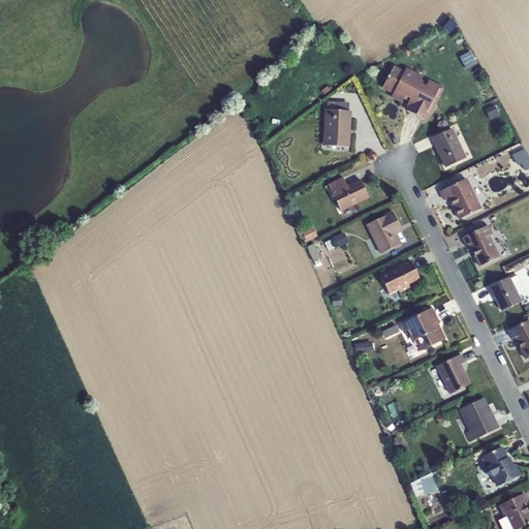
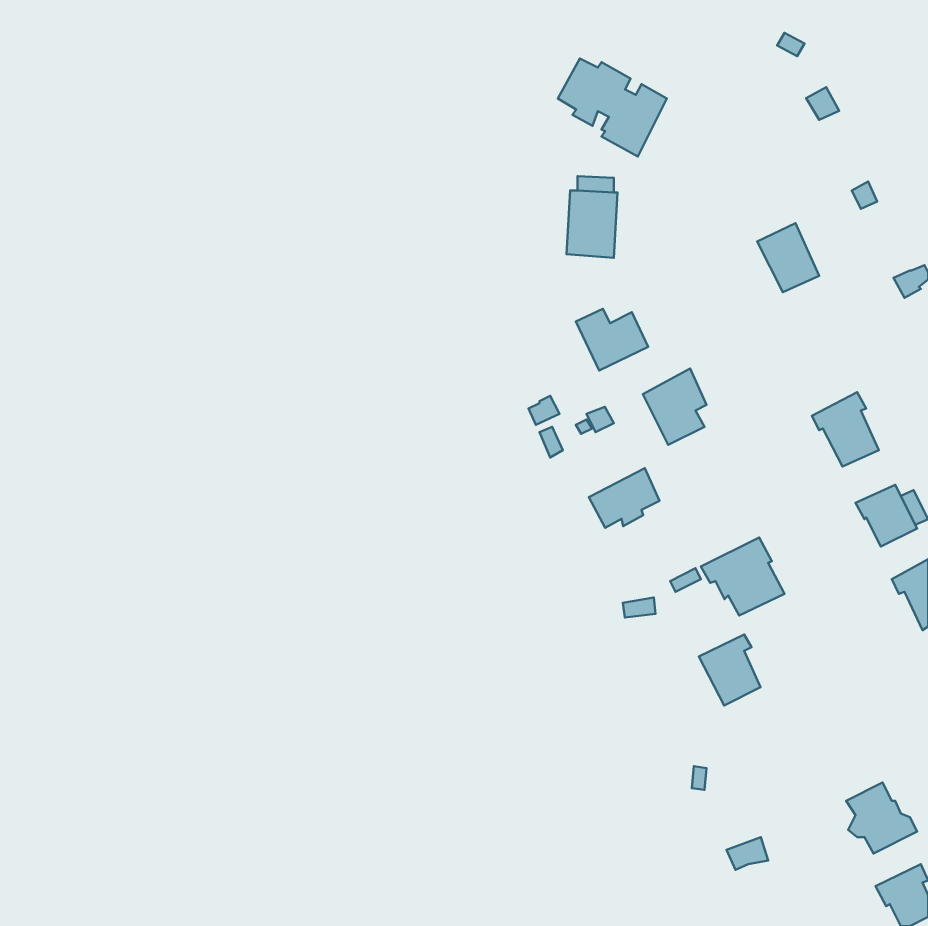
building: [381,64,443,120] -> [558,59,667,157]
building: [439,177,481,218] -> none
building: [379,259,419,293] -> [589,468,660,528]
building: [435,353,470,394] -> [699,635,761,705]
building: [459,396,499,441] -> none

